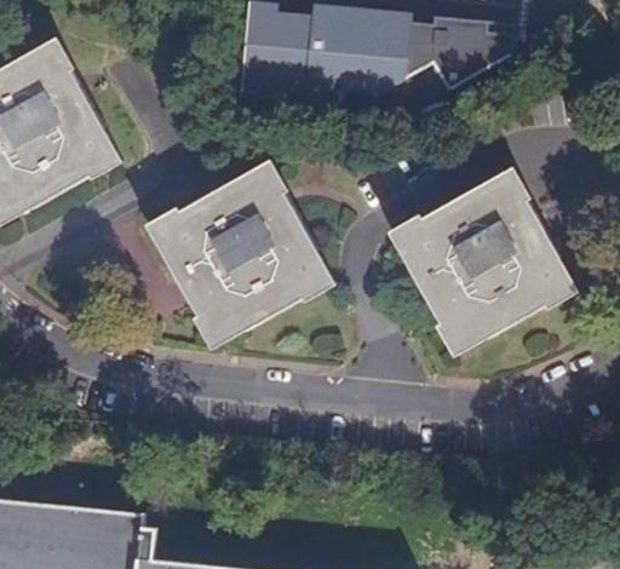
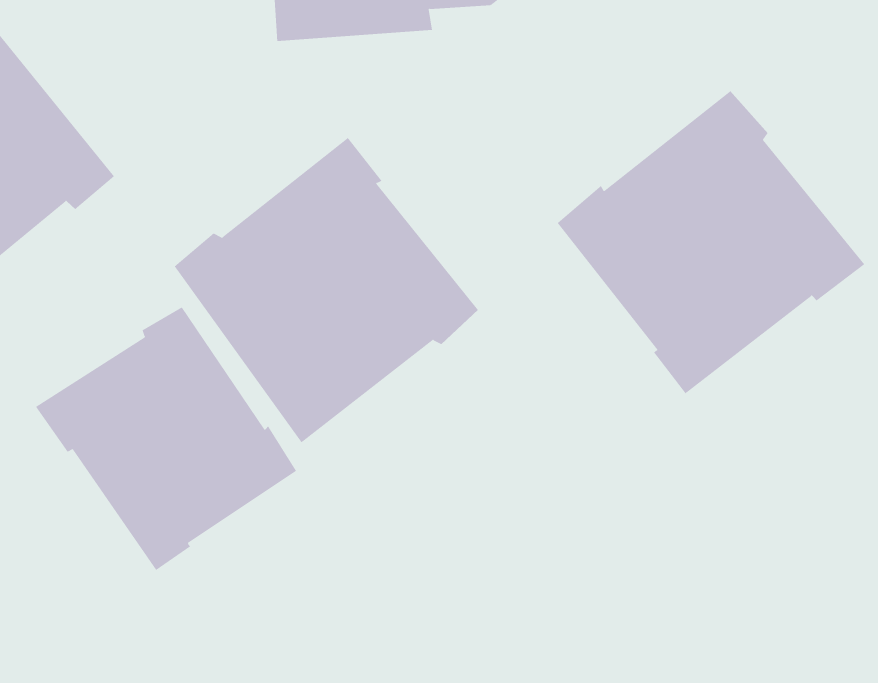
building: none -> [35,307,297,571]

